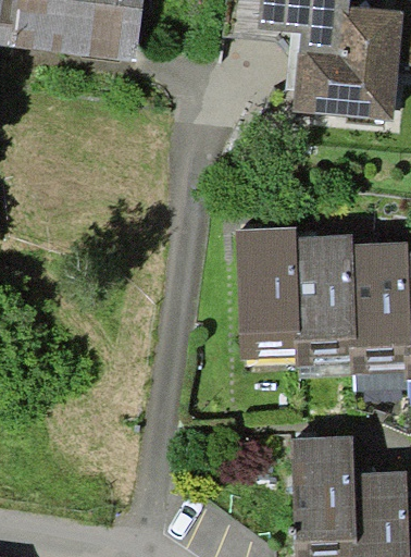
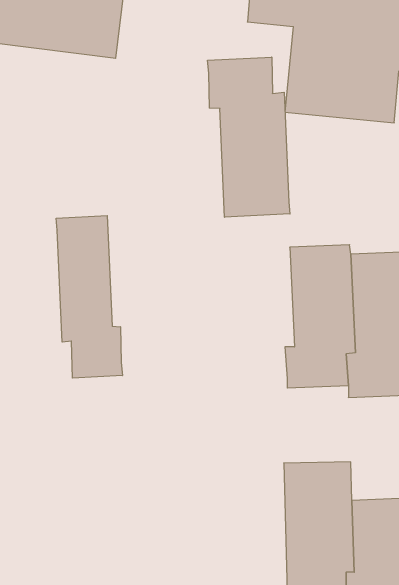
building: none -> [208,57,290,217]
building: none -> [56,216,122,378]
building: [235,225,301,360] -> none

